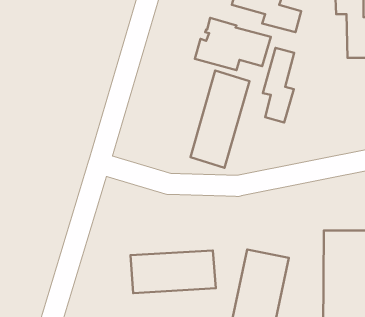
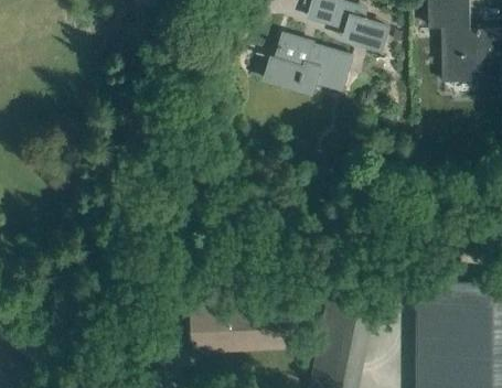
building: [263,48,294,123] -> none
building: [190,71,249,168] -> none

